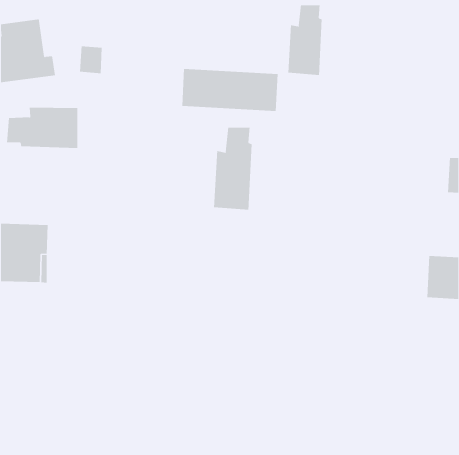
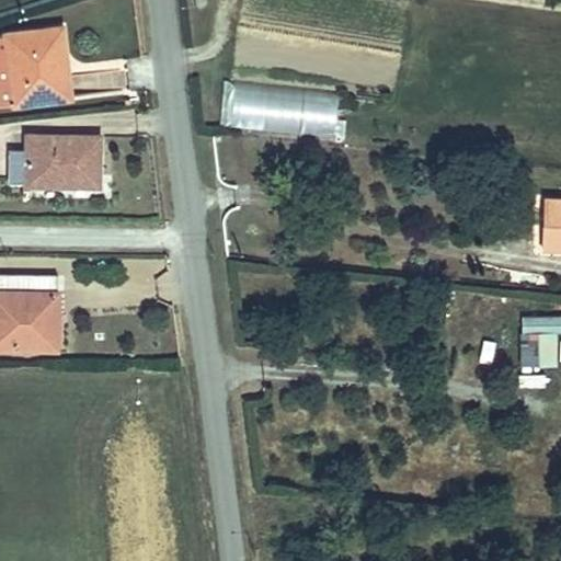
building: [288,5,322,76] -> none
building: [213,127,252,211] -> none

